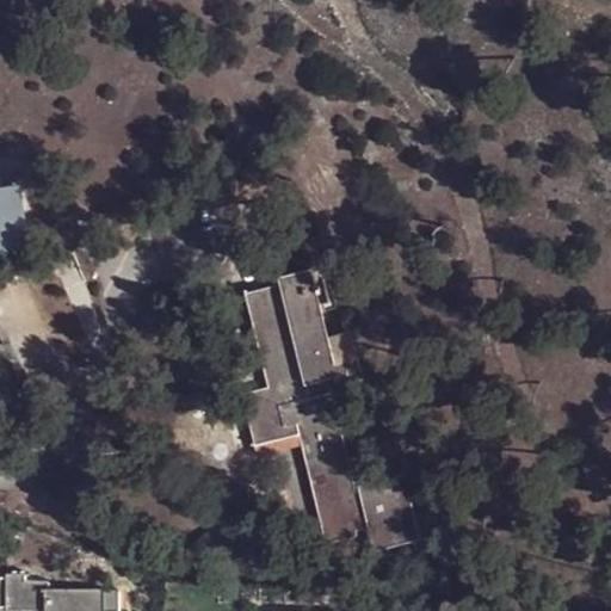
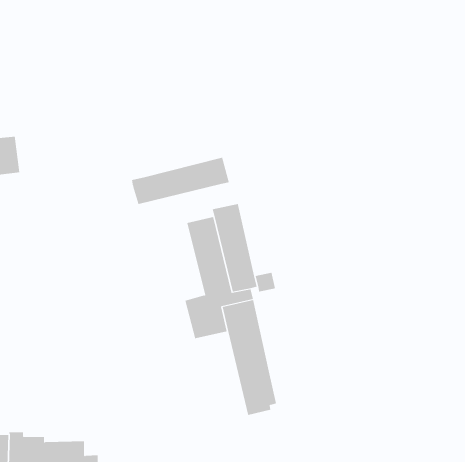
building: none -> [131,157,230,205]
building: [352,479,418,555] -> none

